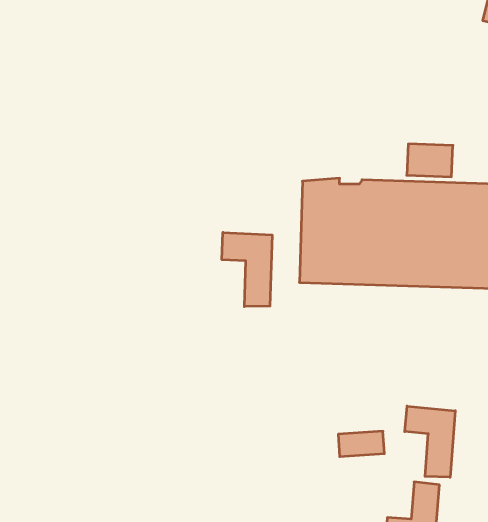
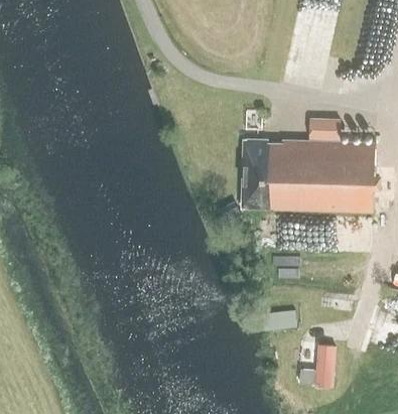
building: [222,232,272,307] -> none
building: [405,406,455,477] -> none

